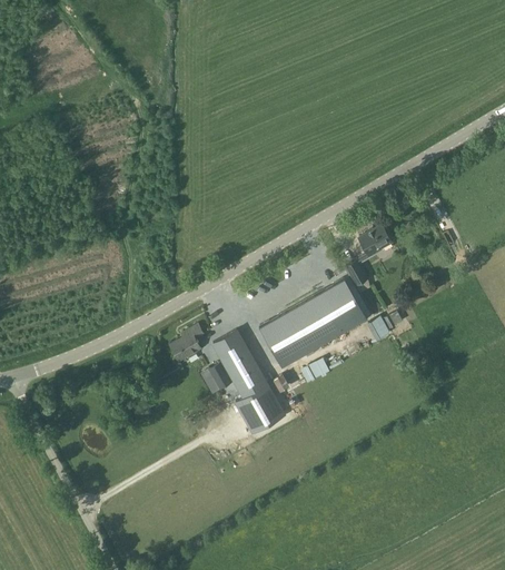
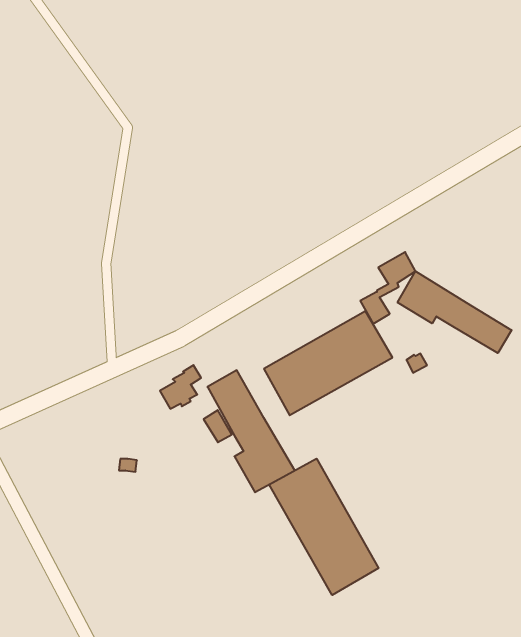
building: none -> [398,271,512,353]
building: none -> [269,459,378,595]

